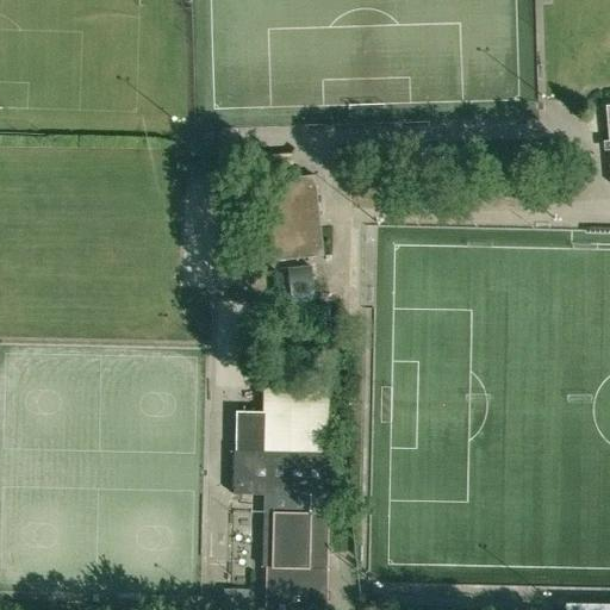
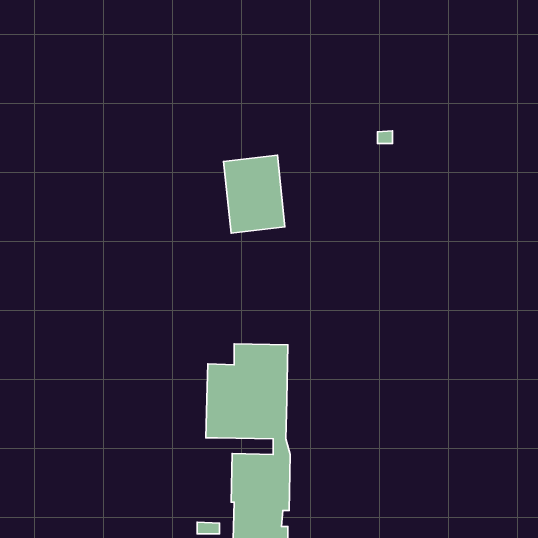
building: [286,268,315,307] -> none

